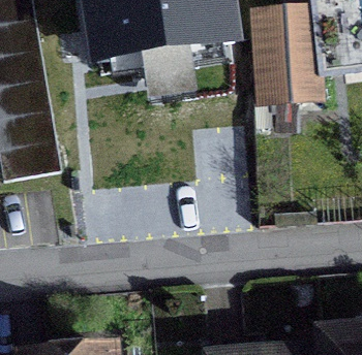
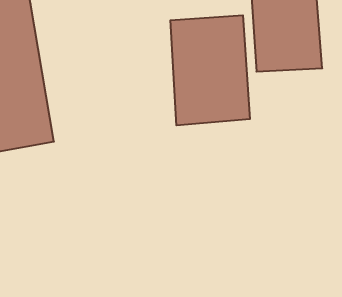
building: none -> [170,15,250,125]

